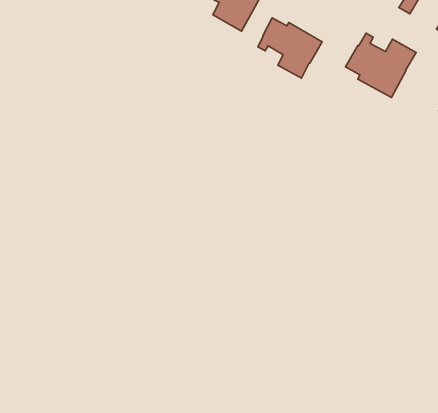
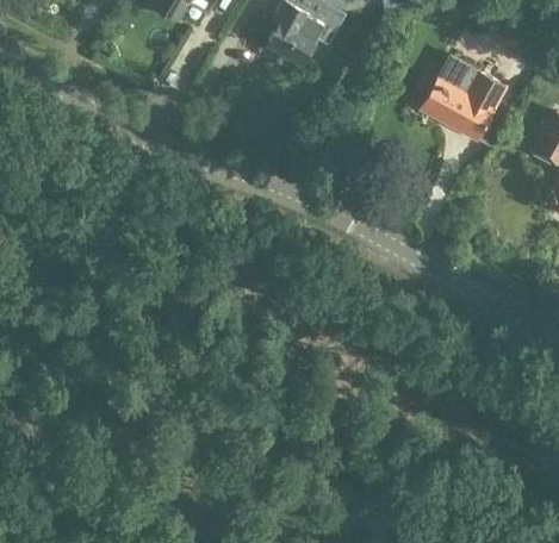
building: [258,18,322,78] -> none

